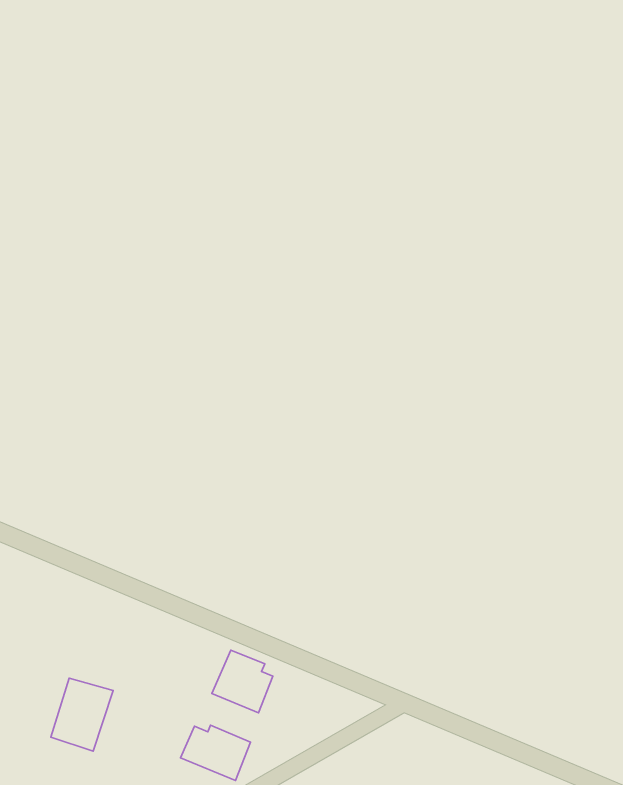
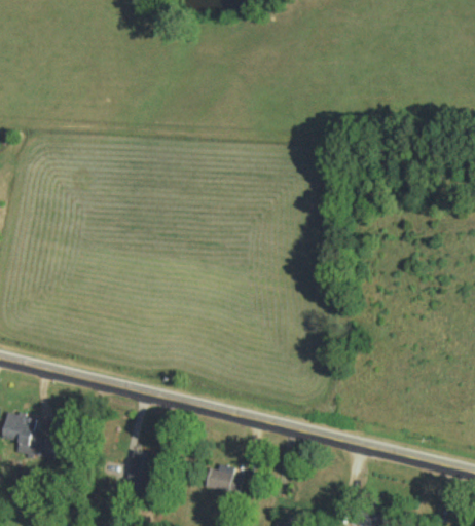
building: [212,650,273,713] -> none

